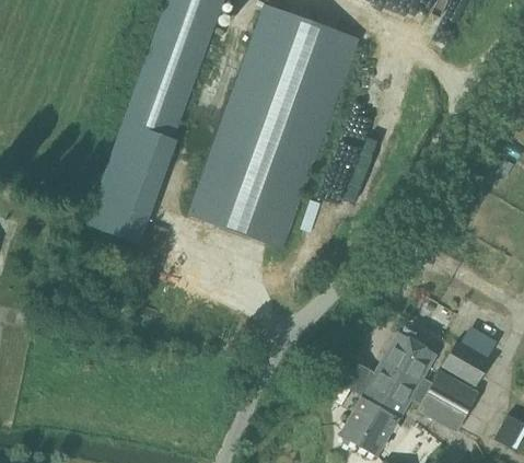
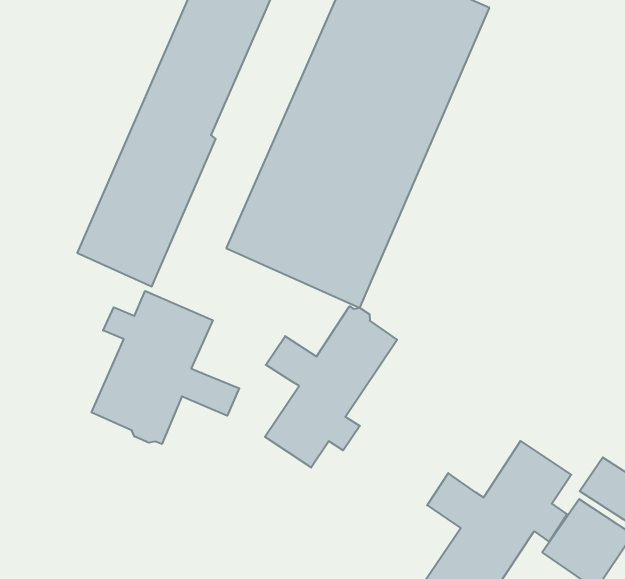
building: none -> [92,291,239,444]
building: none -> [265,306,397,468]

